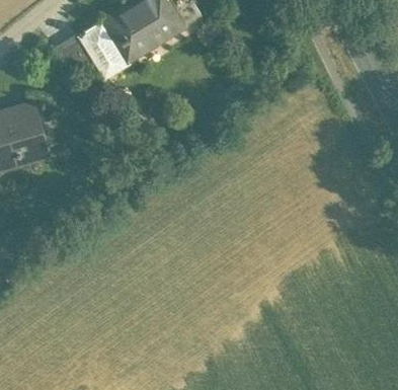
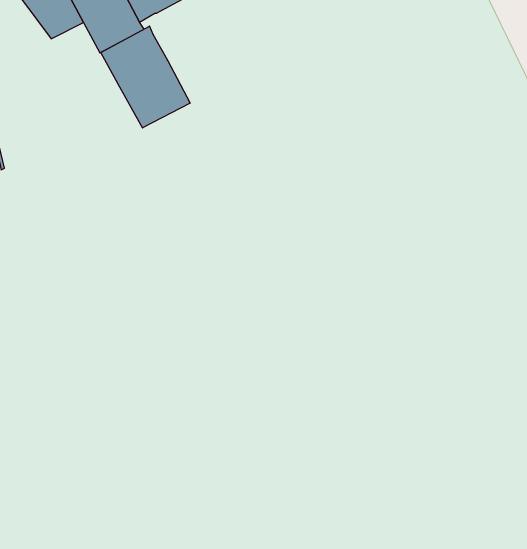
building: none -> [101,26,190,128]

